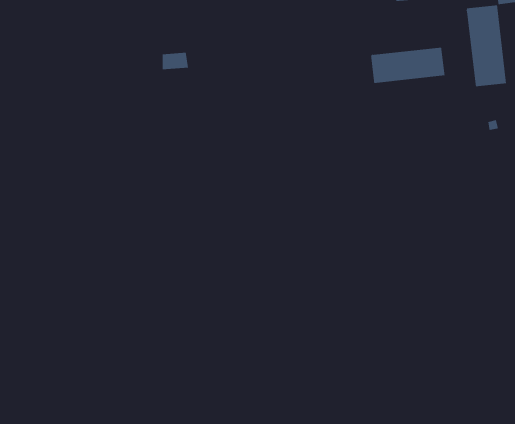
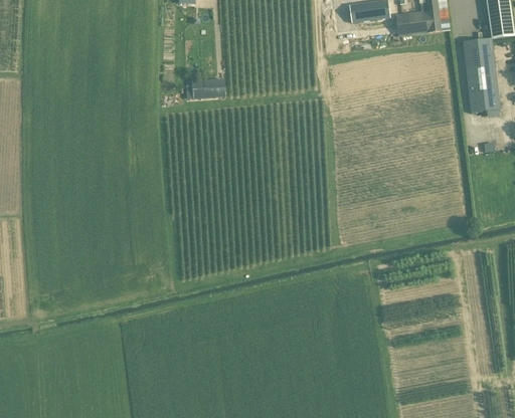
building: [370,47,445,84] -> none

